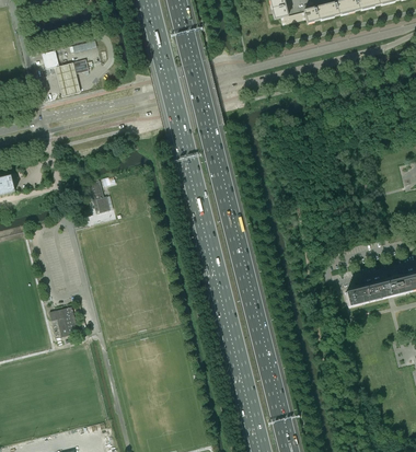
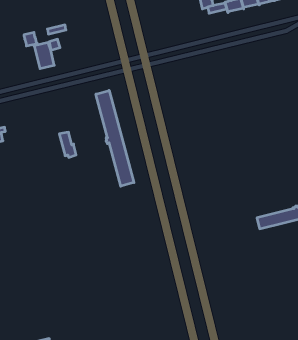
building: none -> [96,90,134,186]
building: [49,305,78,335] -> none

